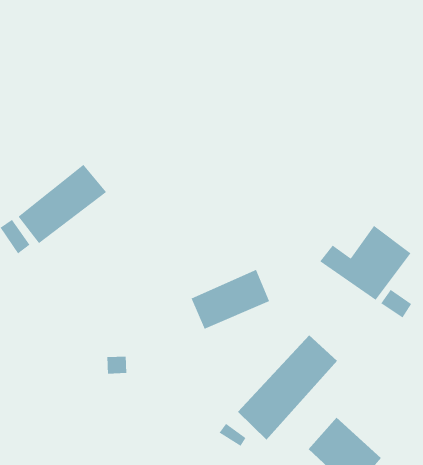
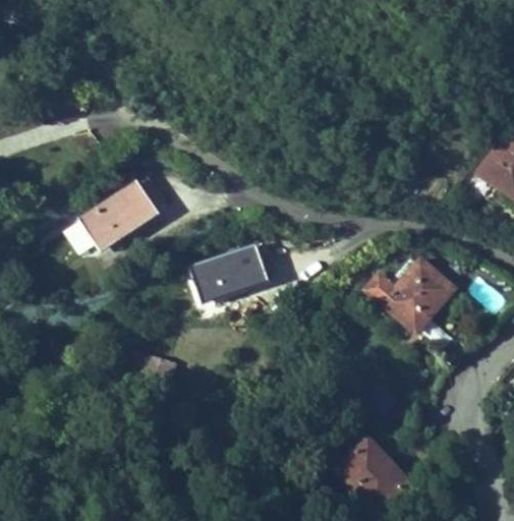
building: [190,269,270,330] -> [191,244,268,298]
building: [237,335,338,441] -> none

